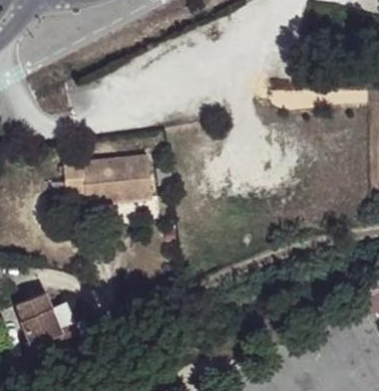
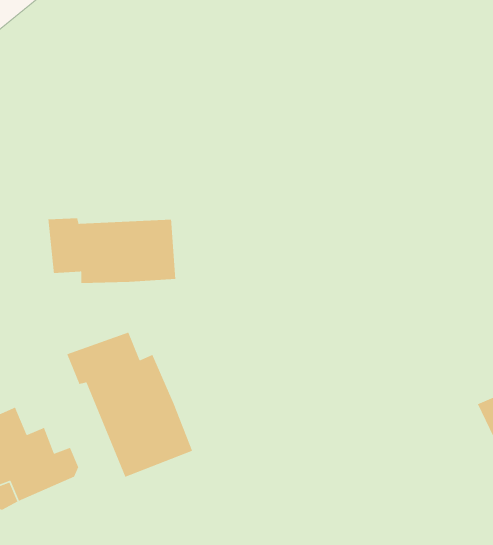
building: none -> [66,332,193,478]

